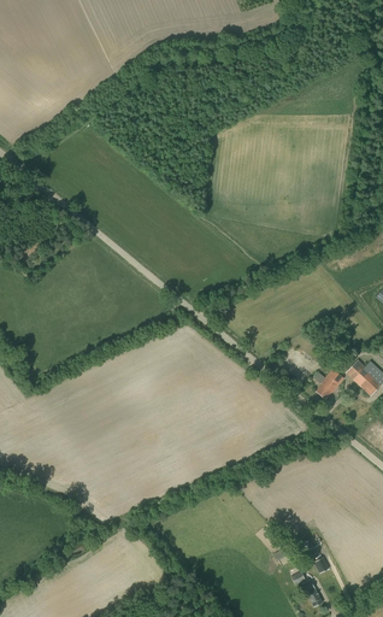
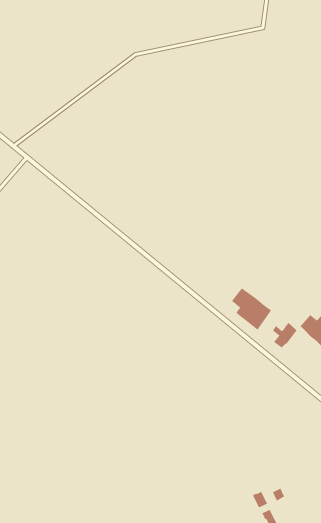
building: none -> [231,287,272,330]

